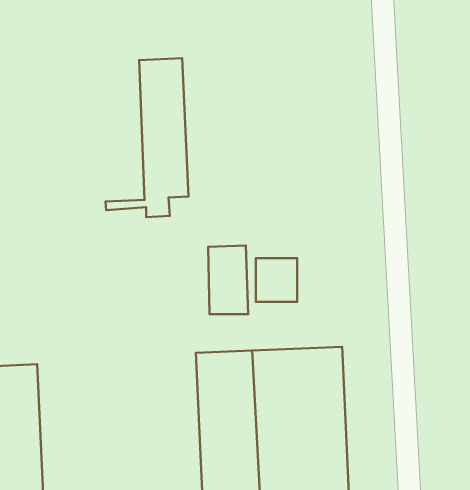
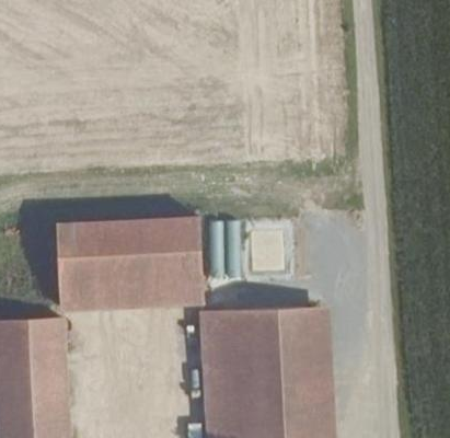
building: [105,58,188,217] -> none
building: none -> [56,218,207,309]

